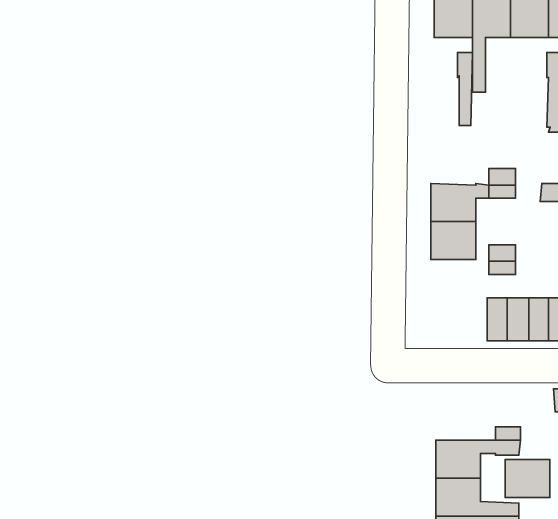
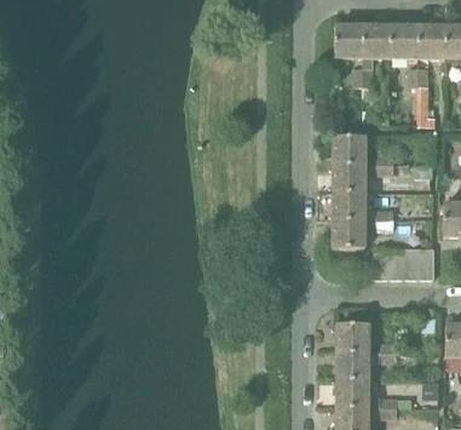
building: none -> [332,136,364,165]
building: none -> [332,219,364,247]
building: [505,460,550,498] -> [335,323,368,351]

